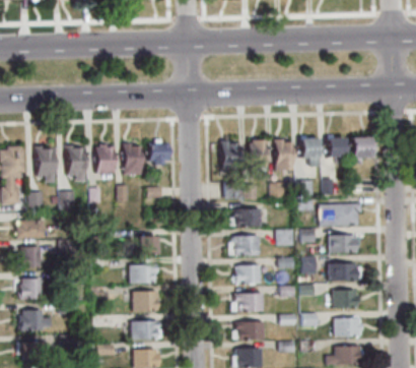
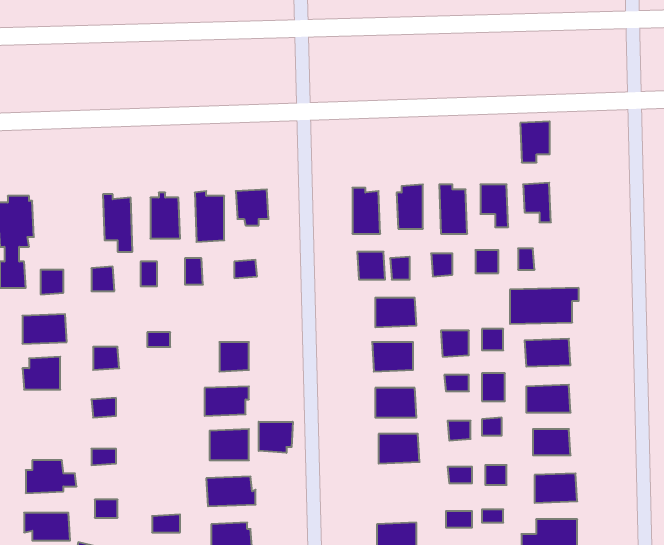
building: [352,137,370,163] -> [520,121,550,162]
building: [38,146,56,182] -> none
building: [20,279,43,300] -> none
building: none -> [259,422,293,453]
building: [239,321,264,341] -> none

